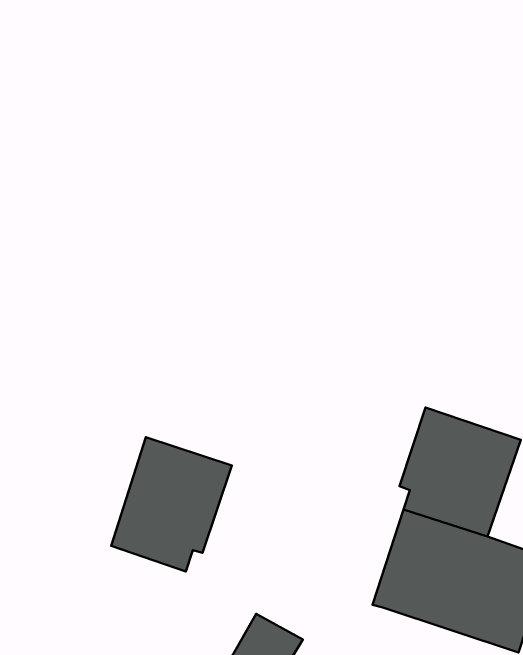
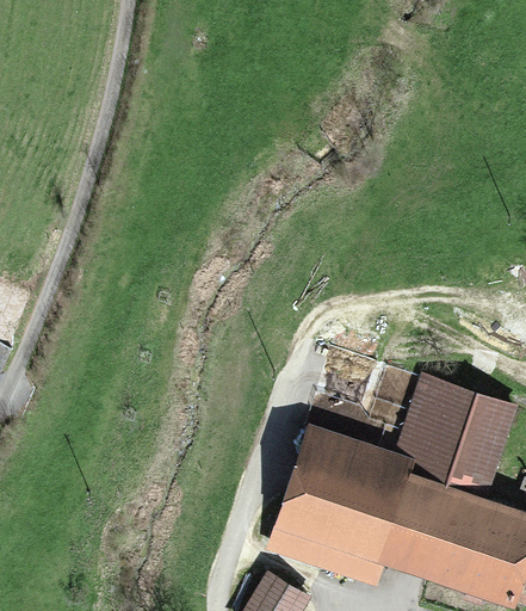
building: [111,437,232,572] -> none
building: none -> [267,424,409,585]

